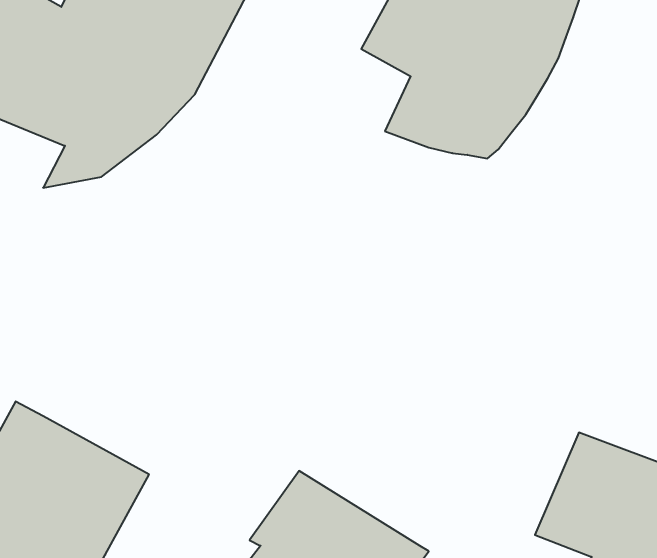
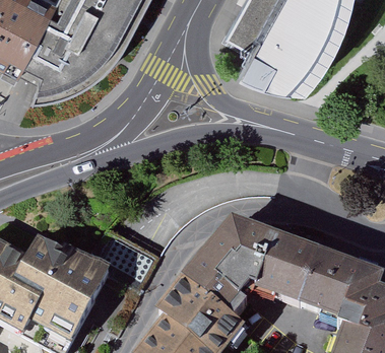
building: none -> [186,218,341,312]

